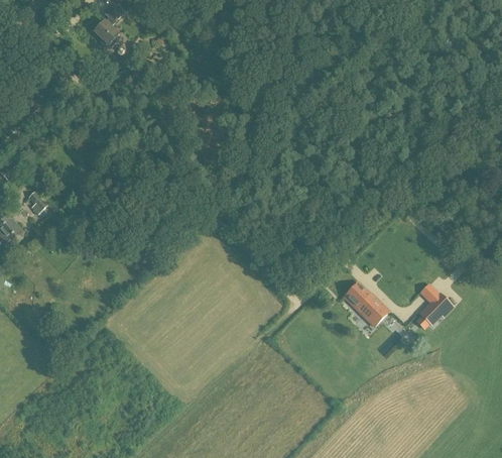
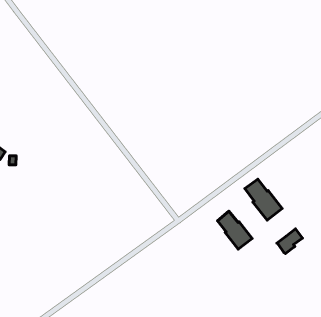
building: none -> [245,179,282,220]

